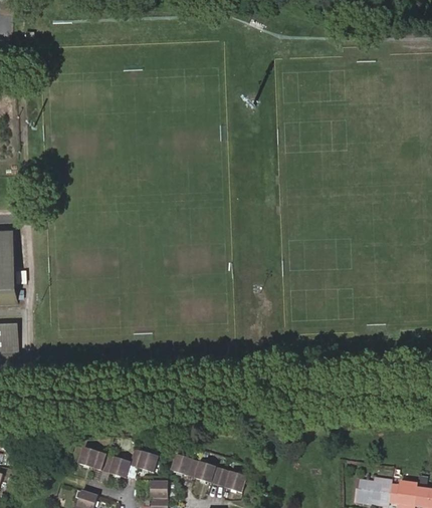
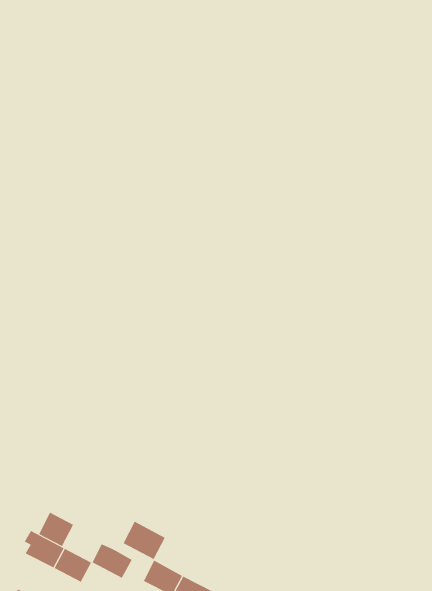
building: none -> [123,521,166,560]
building: none -> [38,512,74,547]

